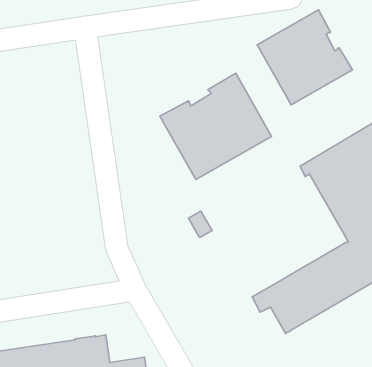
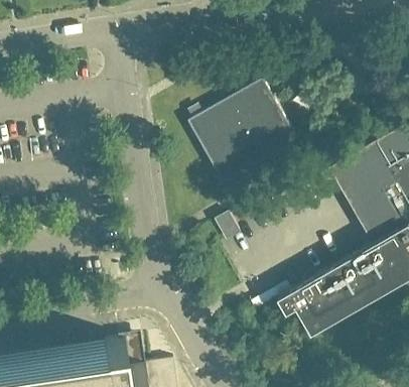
building: [257,10,353,105] -> none

